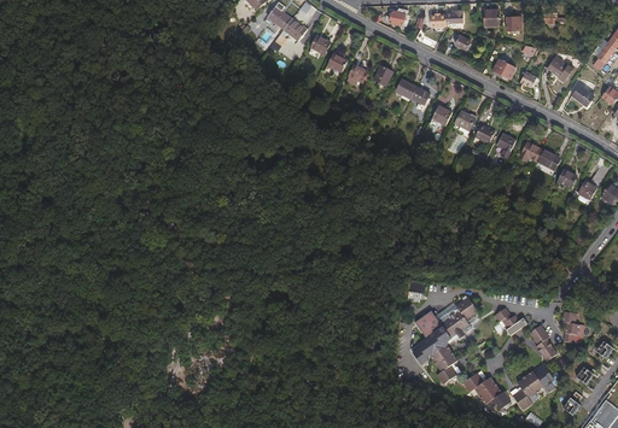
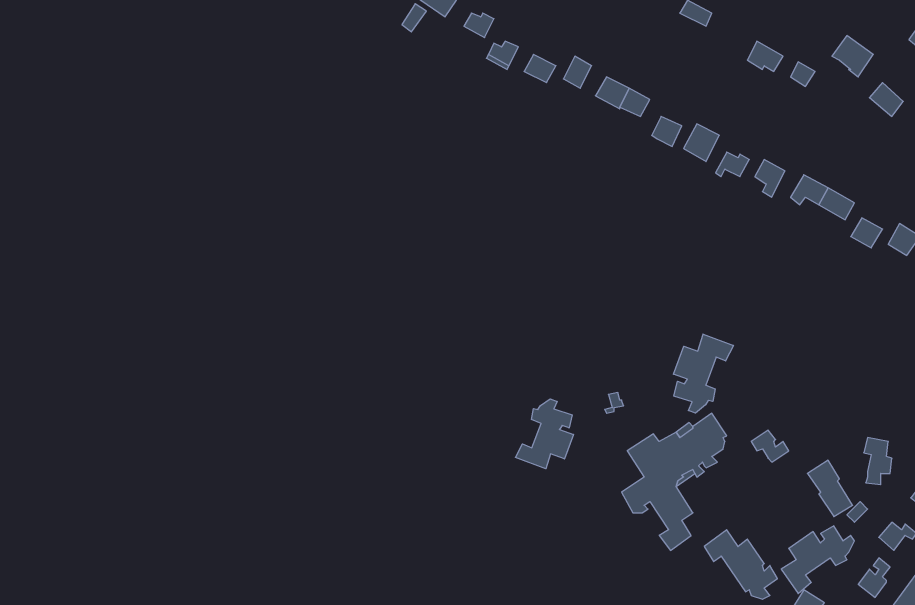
building: none -> [673,334,733,413]
building: none -> [515,399,573,469]

